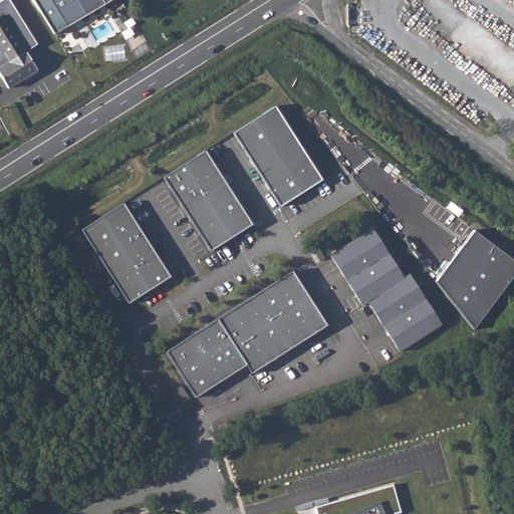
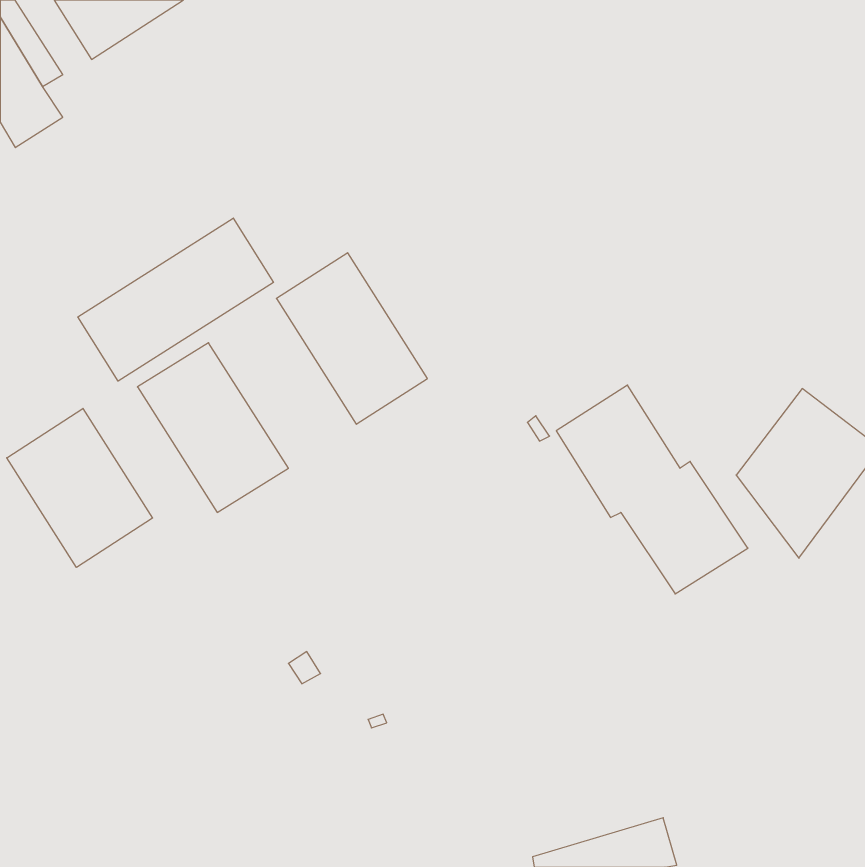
building: [231,105,320,207] -> none
building: none -> [78,218,273,381]
building: none -> [7,408,153,567]
building: [167,270,329,398] -> none

